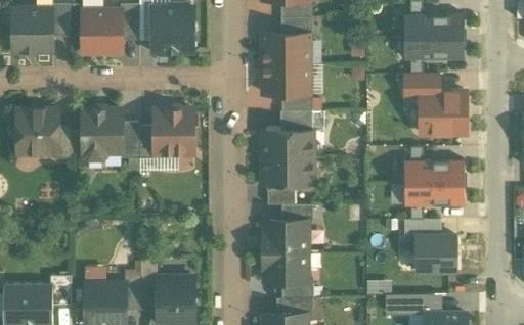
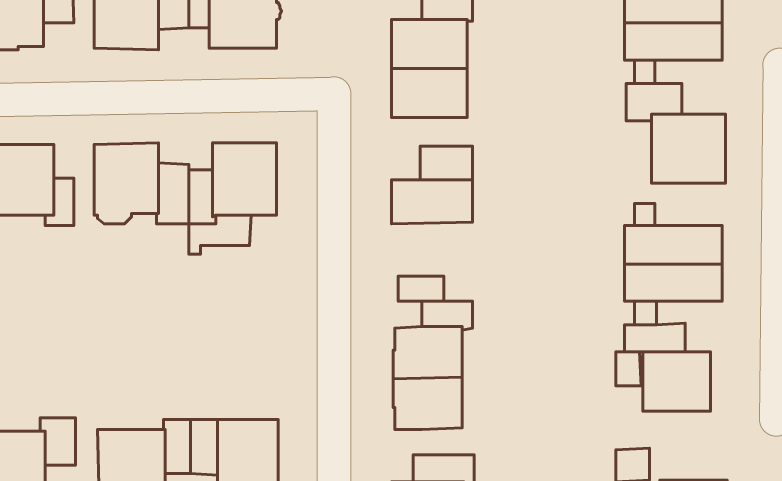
building: [280,93,311,111] -> none
building: [262,157,311,185] -> none
building: [280,281,312,298] -> none

